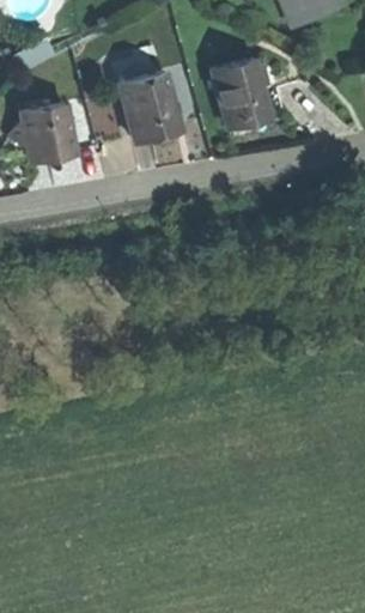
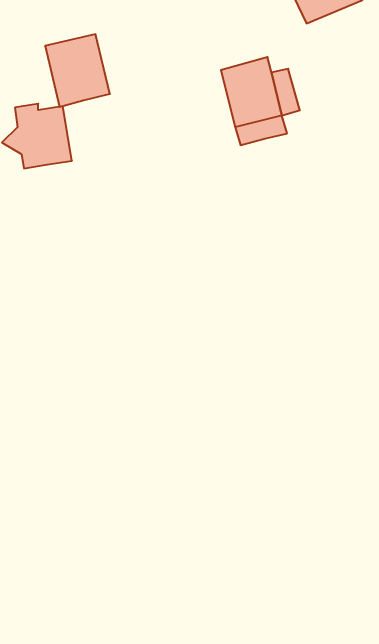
building: [120,72,180,139] -> [45,34,110,107]

